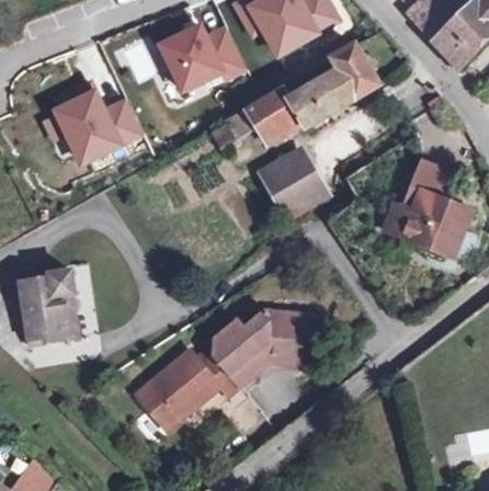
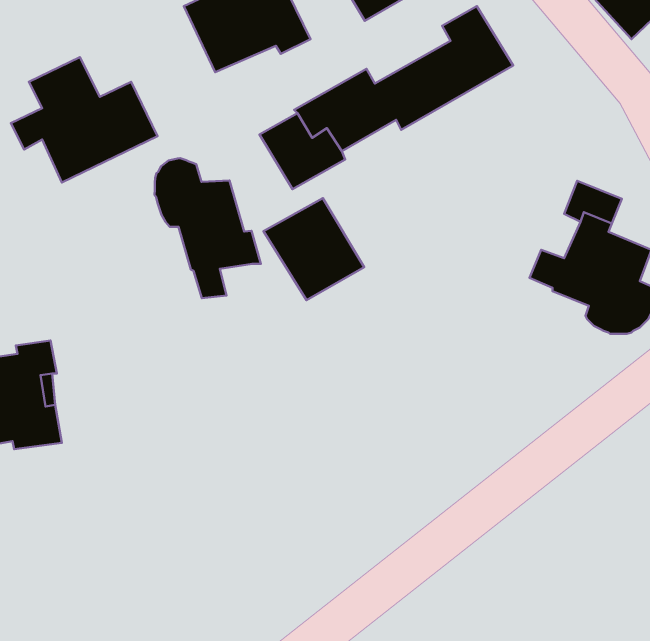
building: none -> [155,158,261,298]
building: [260,149,327,217] -> [264,198,364,300]
building: [136,310,310,429] -> none

